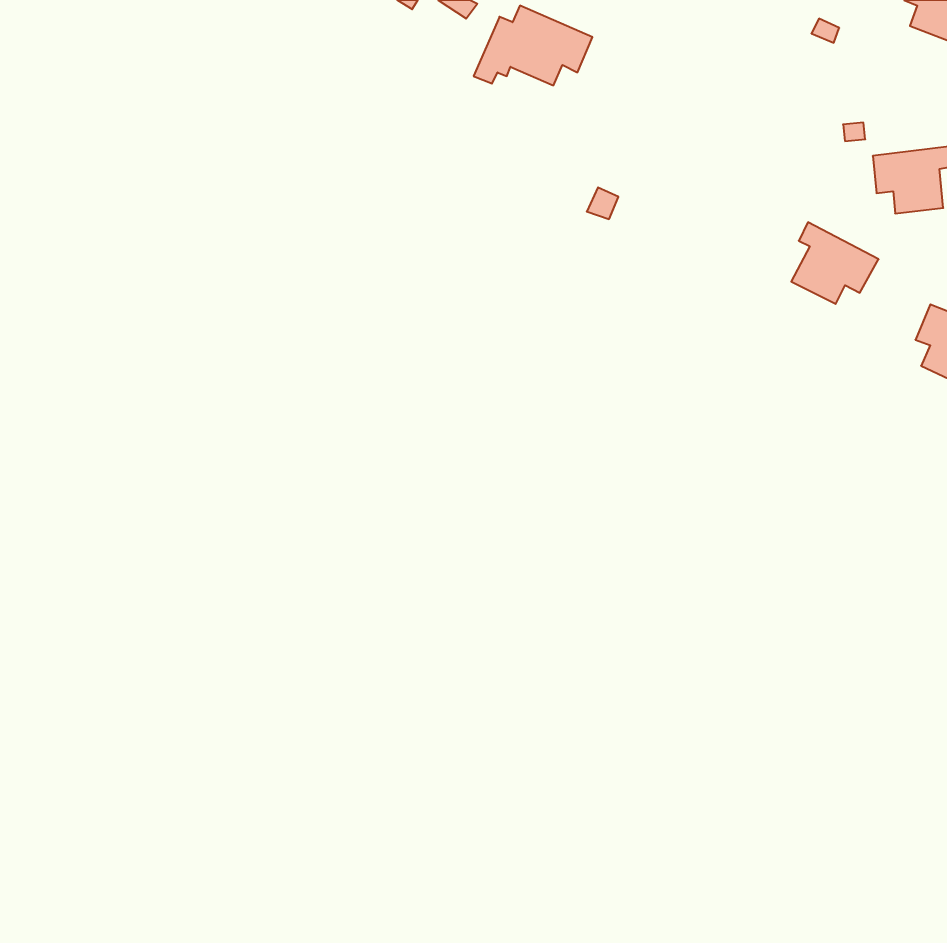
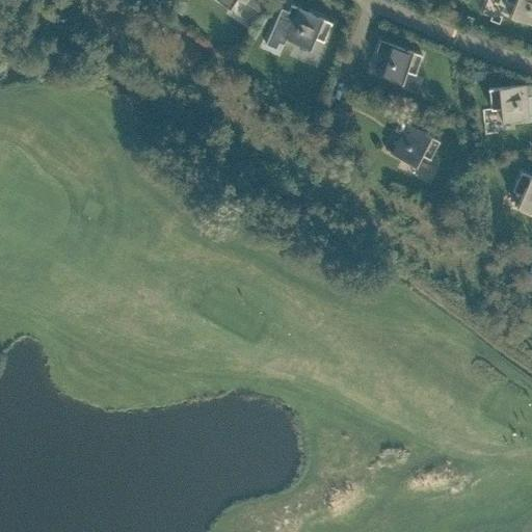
building: none -> [377,42,423,85]
building: [791,222,879,304] -> [392,122,441,167]

